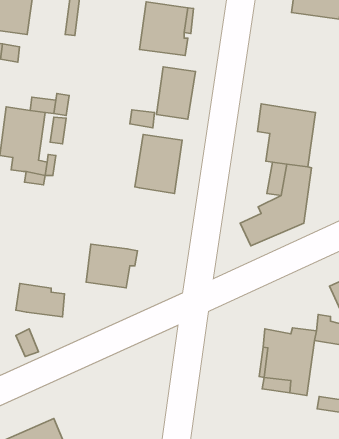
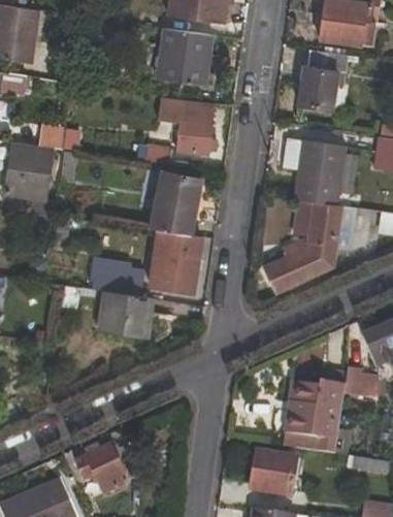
building: none -> [299,50,349,111]
building: none -> [149,229,201,294]
building: [16,283,64,317] -> [92,259,144,295]
building: none -> [76,446,130,494]
building: none -> [250,451,298,496]

